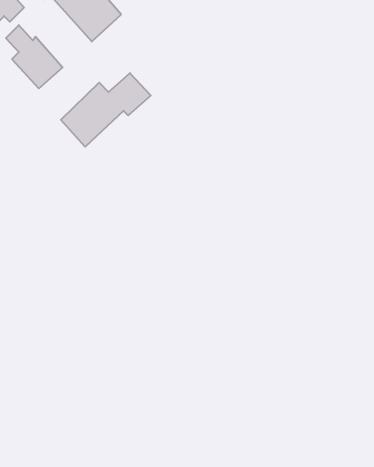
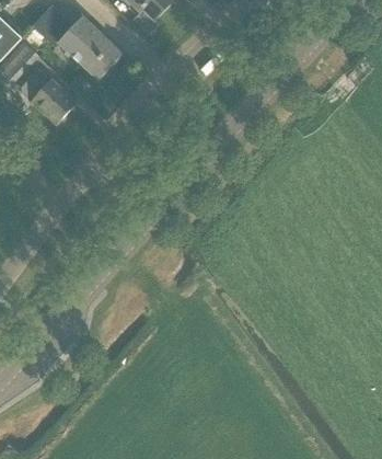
building: [61,73,151,147] -> none

